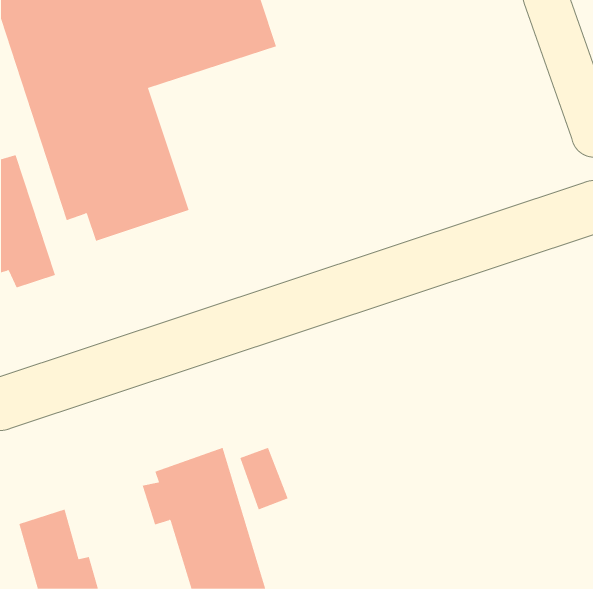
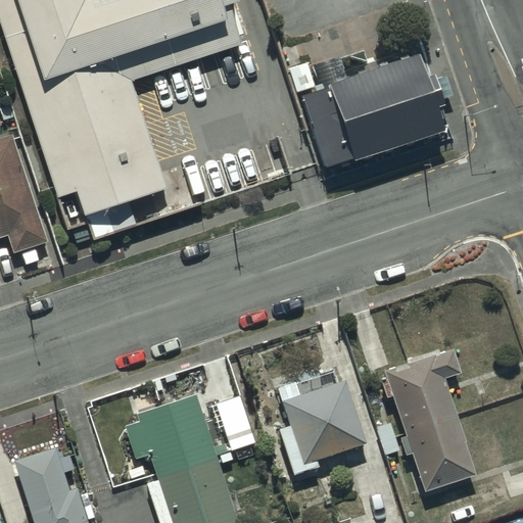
building: none -> [297,49,447,168]
building: none -> [378,353,470,495]
building: none -> [280,386,362,468]

